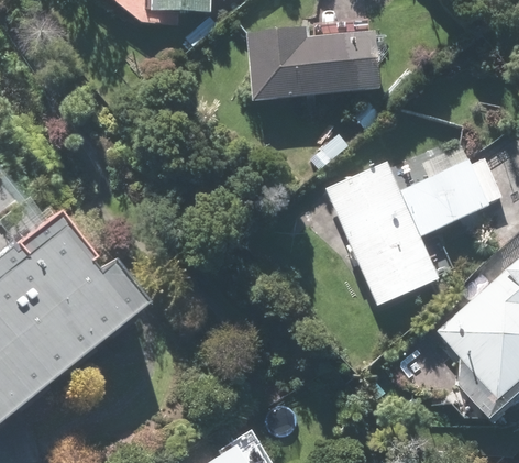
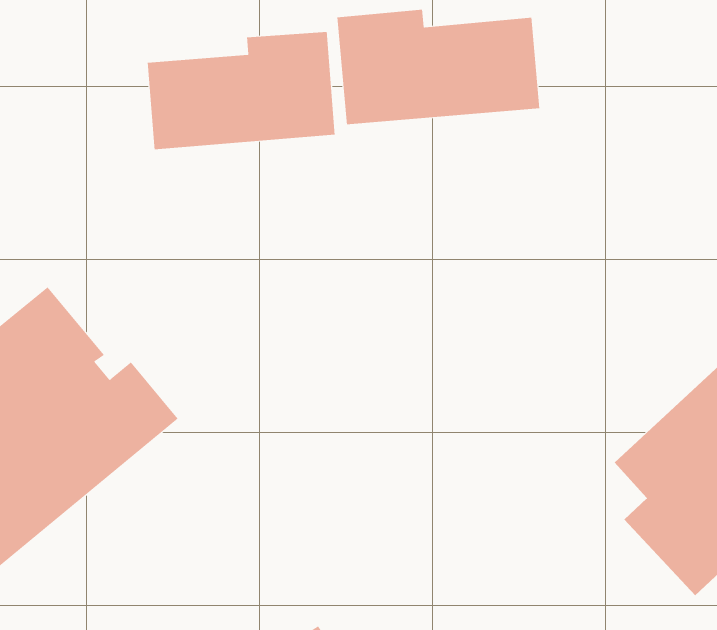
building: none -> [147,31,335,150]
building: [324,156,504,306] -> none

